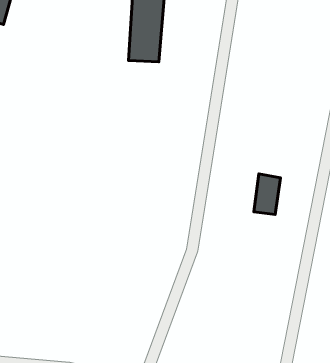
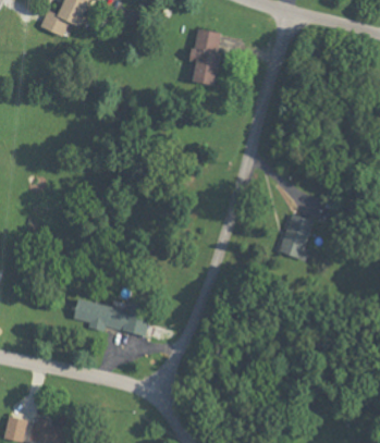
building: none -> [73,298,150,336]

